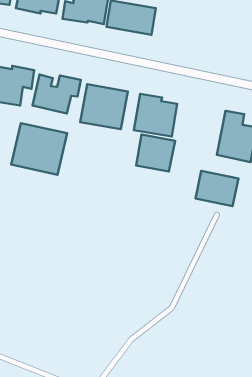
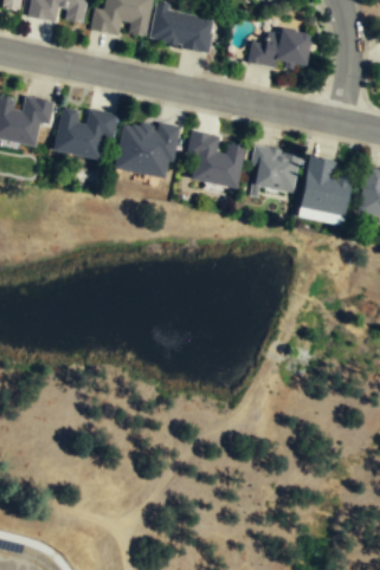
building: none -> [249,27,310,69]
building: [11,123,67,175] -> none
building: [136,135,175,172] -> [250,143,302,193]
building: [195,171,239,206] -> none

